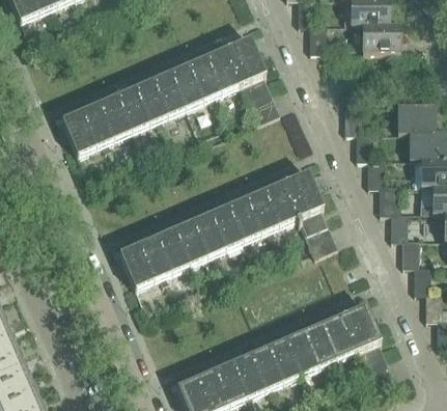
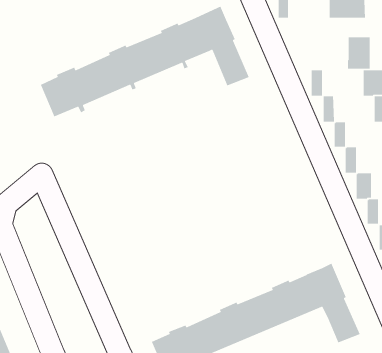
building: none -> [347,36,371,69]
building: [119,169,337,285] -> none

